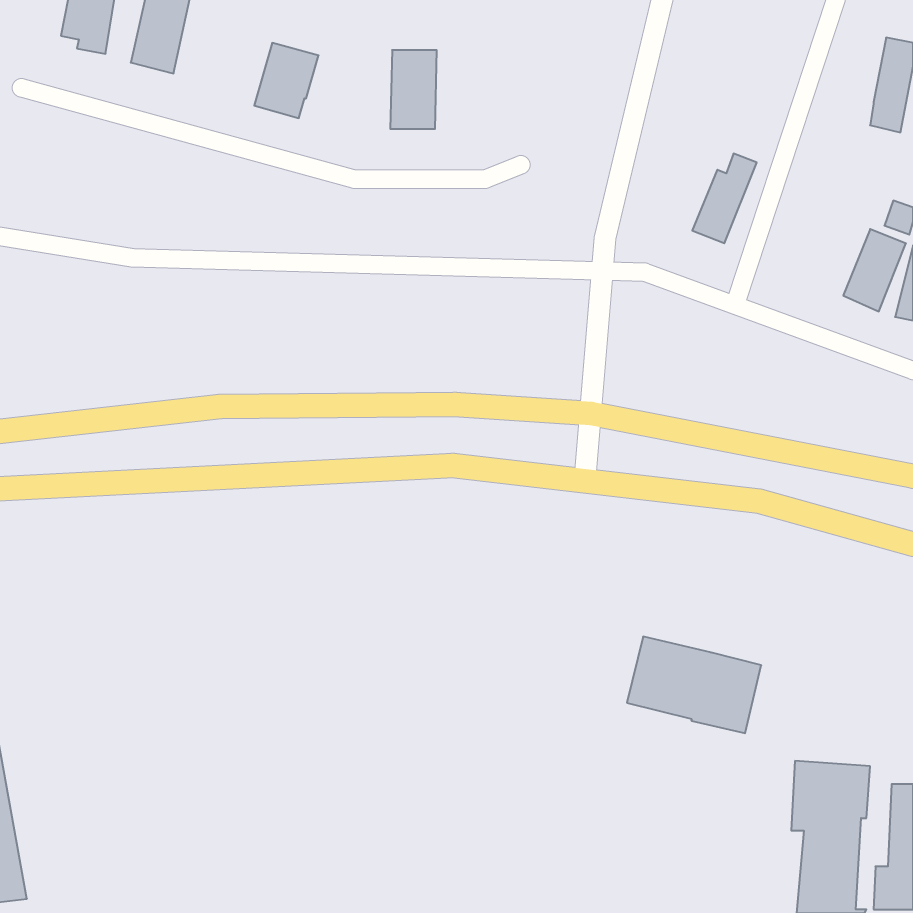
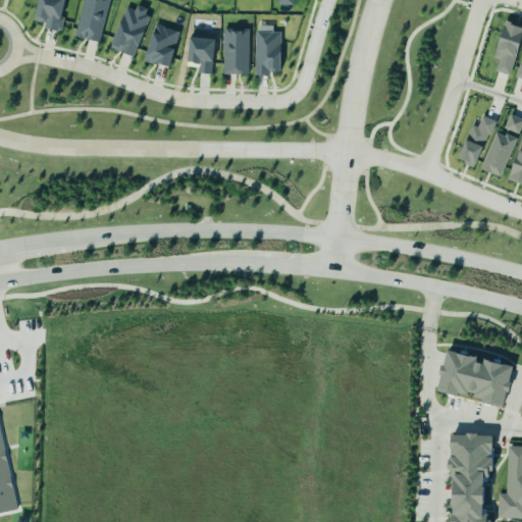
building: none -> [110,4,151,56]
building: none -> [255,24,281,73]
building: none -> [189,37,215,73]
building: [692,154,757,243] -> [458,115,494,166]
building: [627,637,761,733] -> [438,351,515,406]

